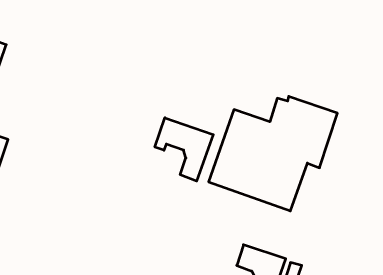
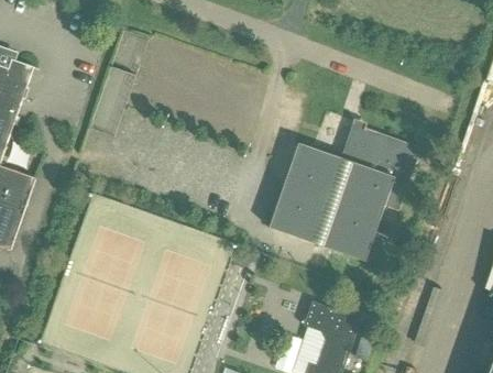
building: [155,118,213,181] -> none

